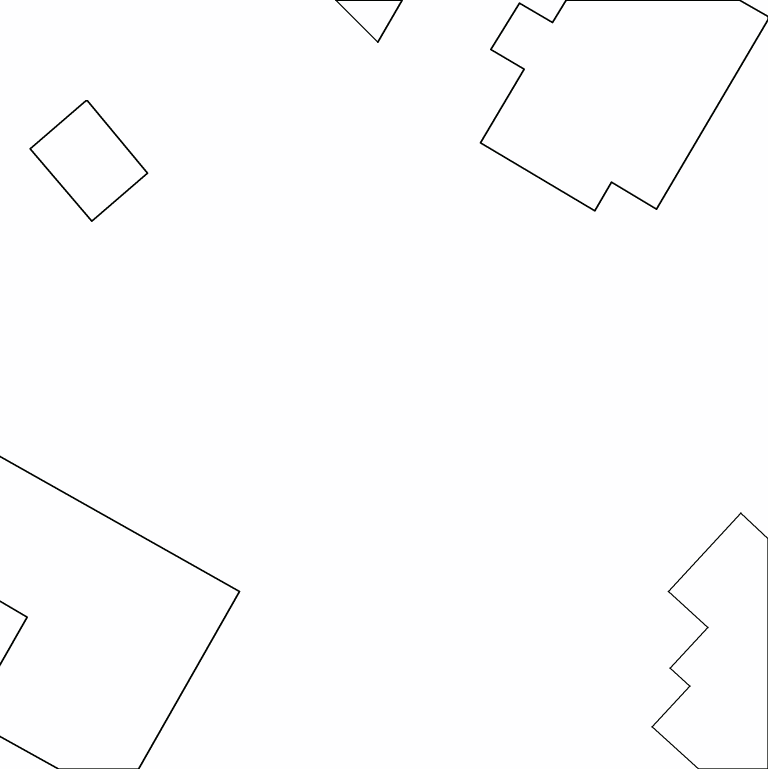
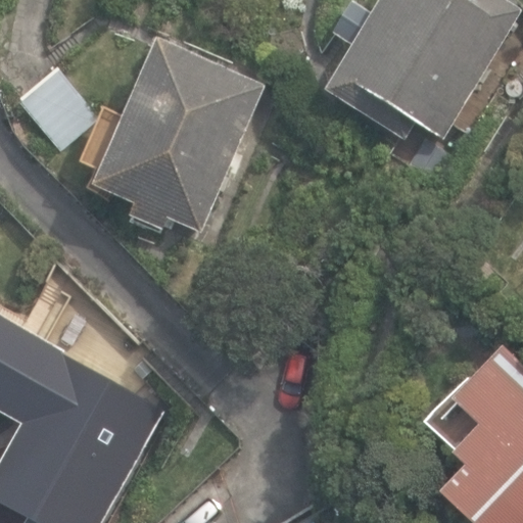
building: none -> [92,35,264,230]

